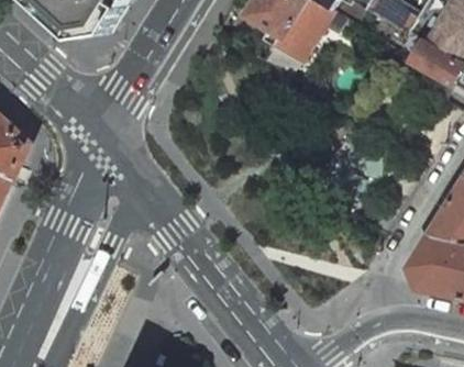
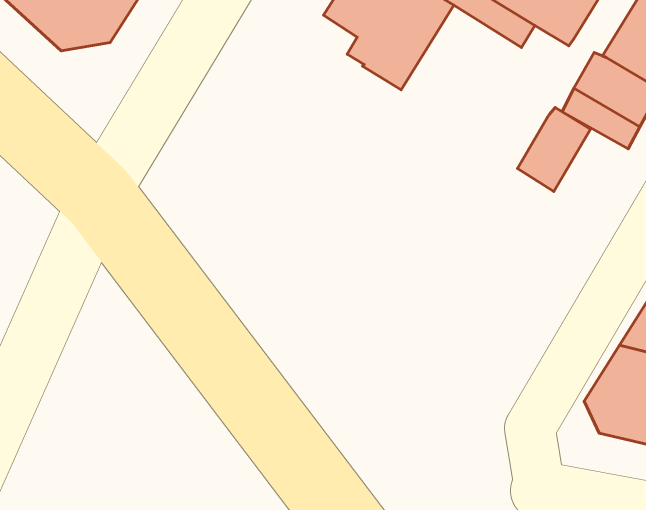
building: none -> [518,108,591,191]

